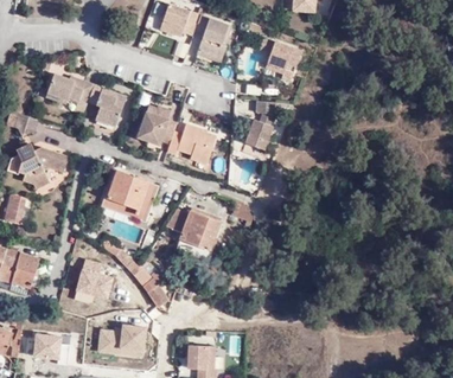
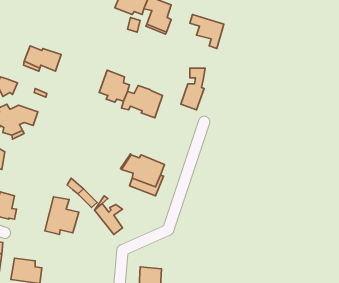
building: [88,84,127,127] -> none
building: [103,169,158,222] -> none
building: [96,323,148,358] -> none

